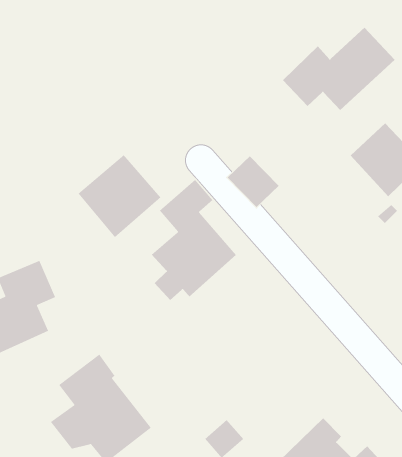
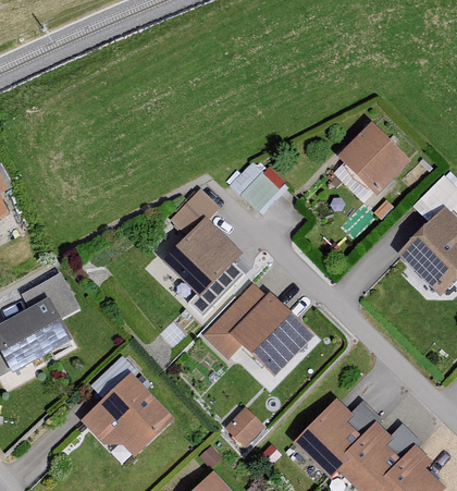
building: [282,27,396,111] -> none
building: [77,154,161,238] -> none
building: none -> [199,283,316,378]

